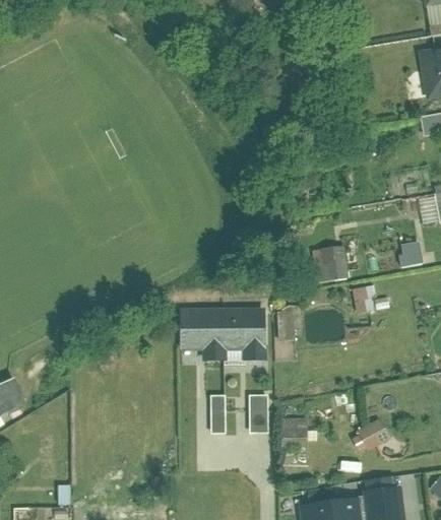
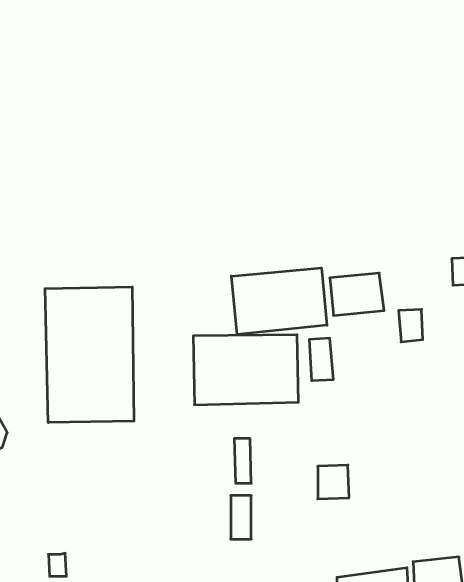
building: none -> [231,268,327,334]
building: none -> [45,287,134,423]
building: [253,391,270,428] -> [231,496,251,539]
building: [357,414,392,446] -> none

